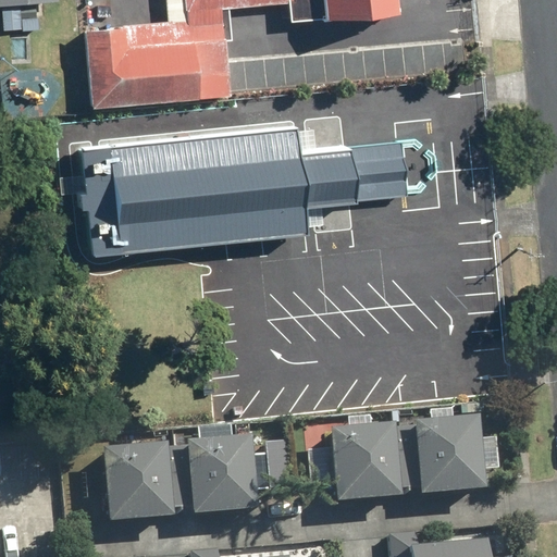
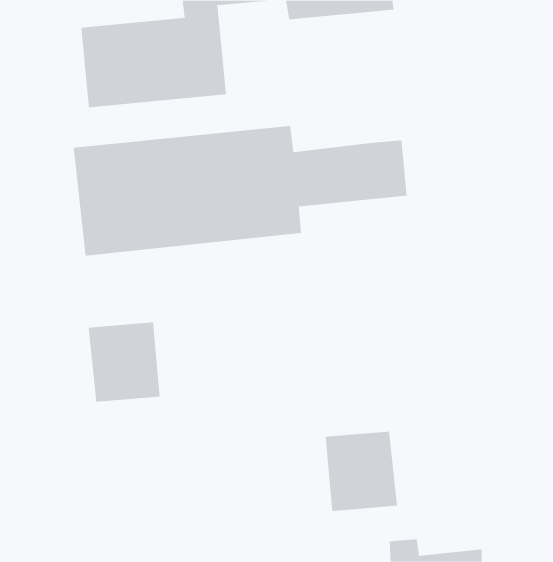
building: [416,419,487,499] -> none
building: [188,440,260,519] -> none
building: [103,447,175,527] -> [88,322,161,402]

